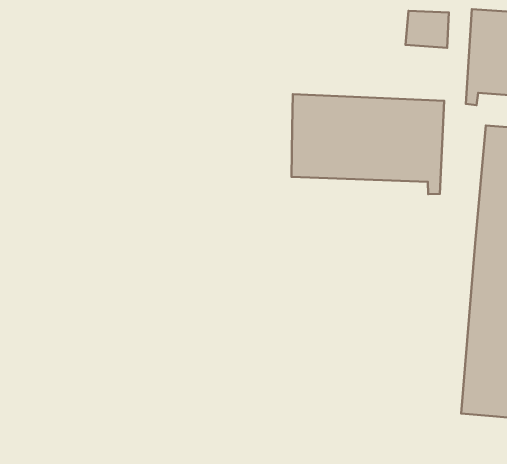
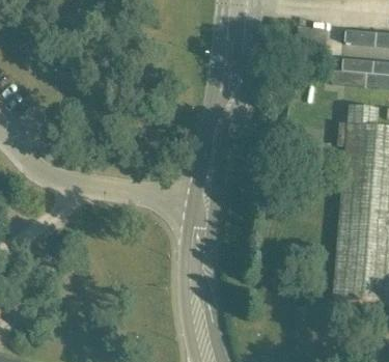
building: [291,94,444,194] -> none

